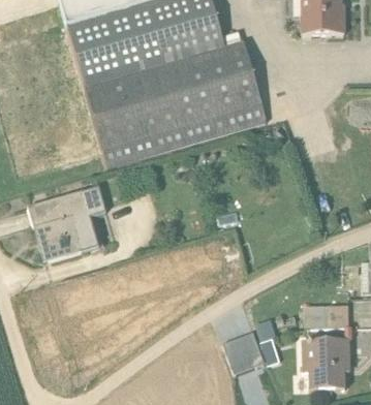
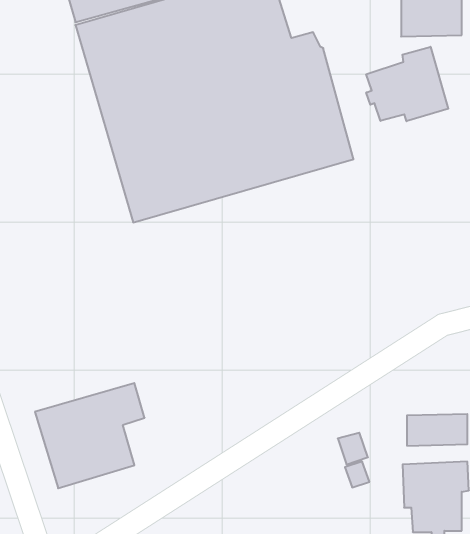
building: none -> [366,47,448,121]
building: [29,185,107,260] -> [35,383,145,488]

